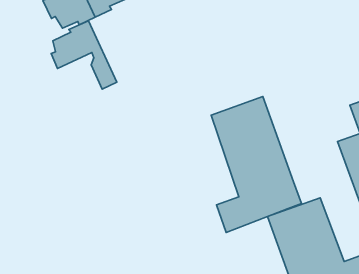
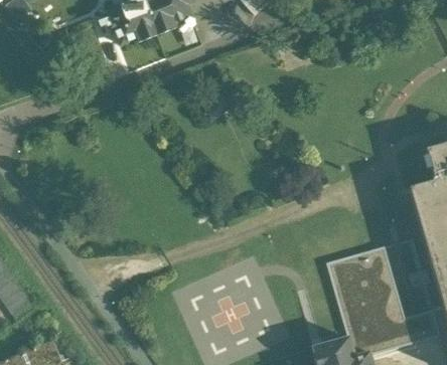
building: [51,21,117,89] -> none
building: [211,96,301,233] -> none

